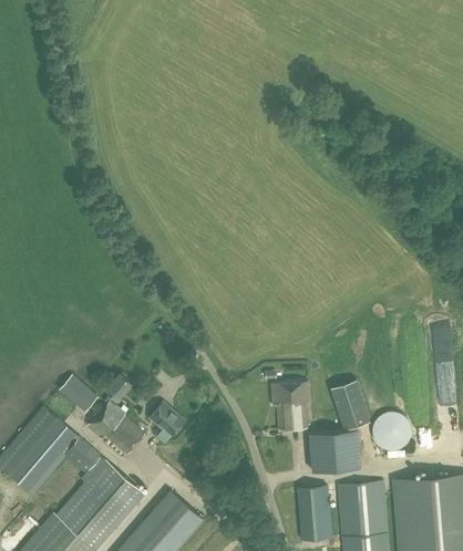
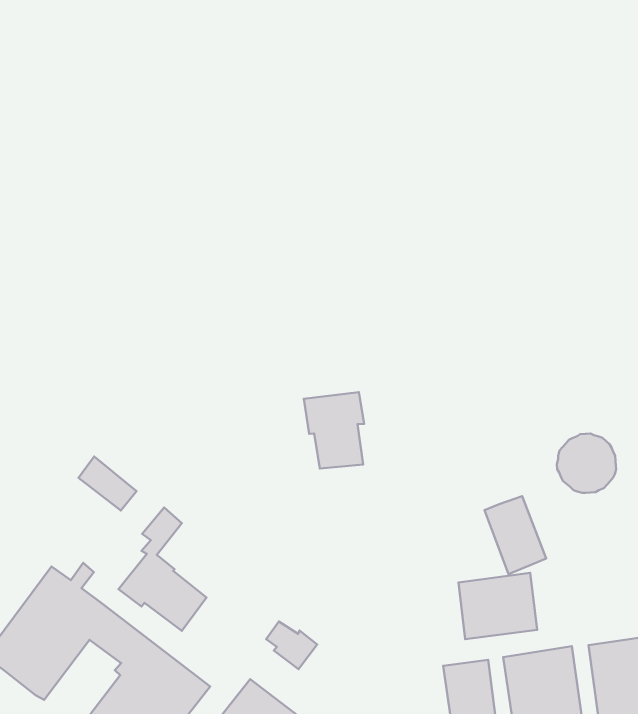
building: [60,375,97,412] -> [79,457,137,511]
building: [270,382,309,430] -> [304,392,364,469]
building: [151,405,184,437] -> [266,622,317,669]
building: [371,412,410,450] -> [557,434,616,493]

